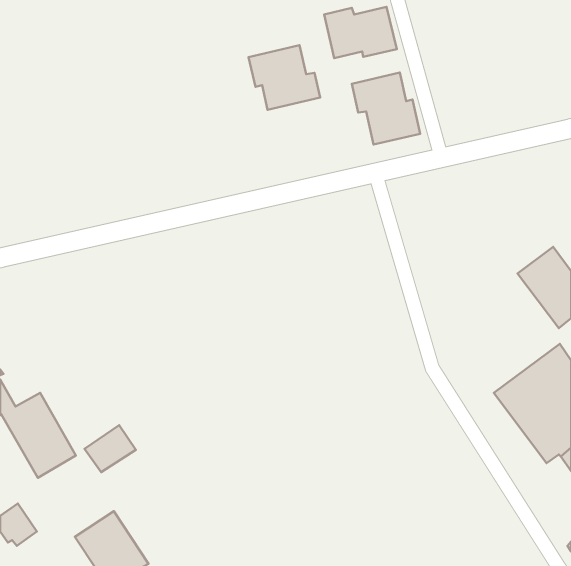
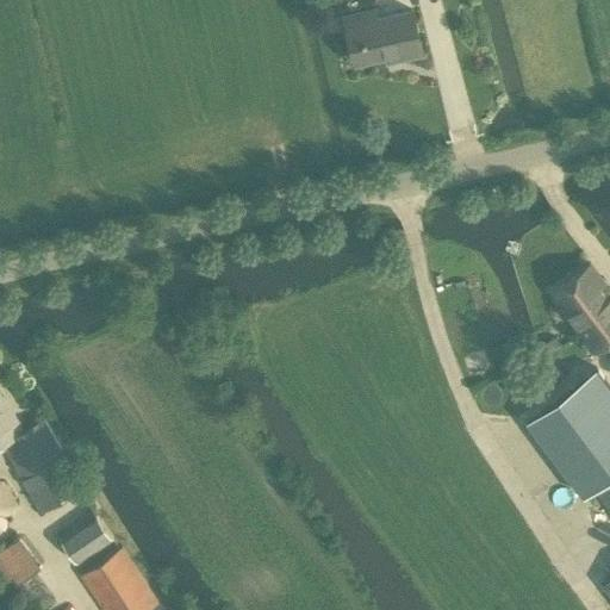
building: [248,45,320,110] -> none
building: [352,73,420,144] -> none
building: [85,425,136,472] -> [58,516,113,566]

